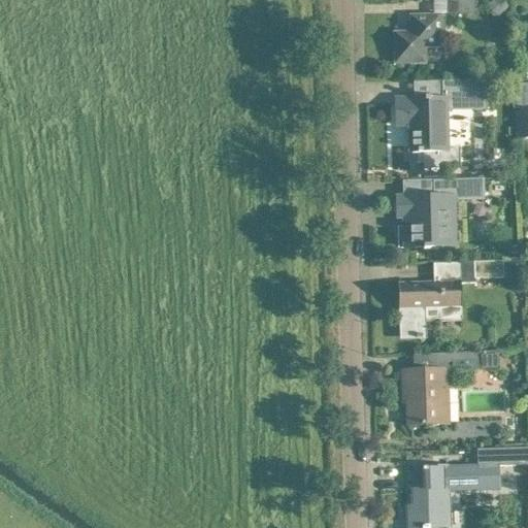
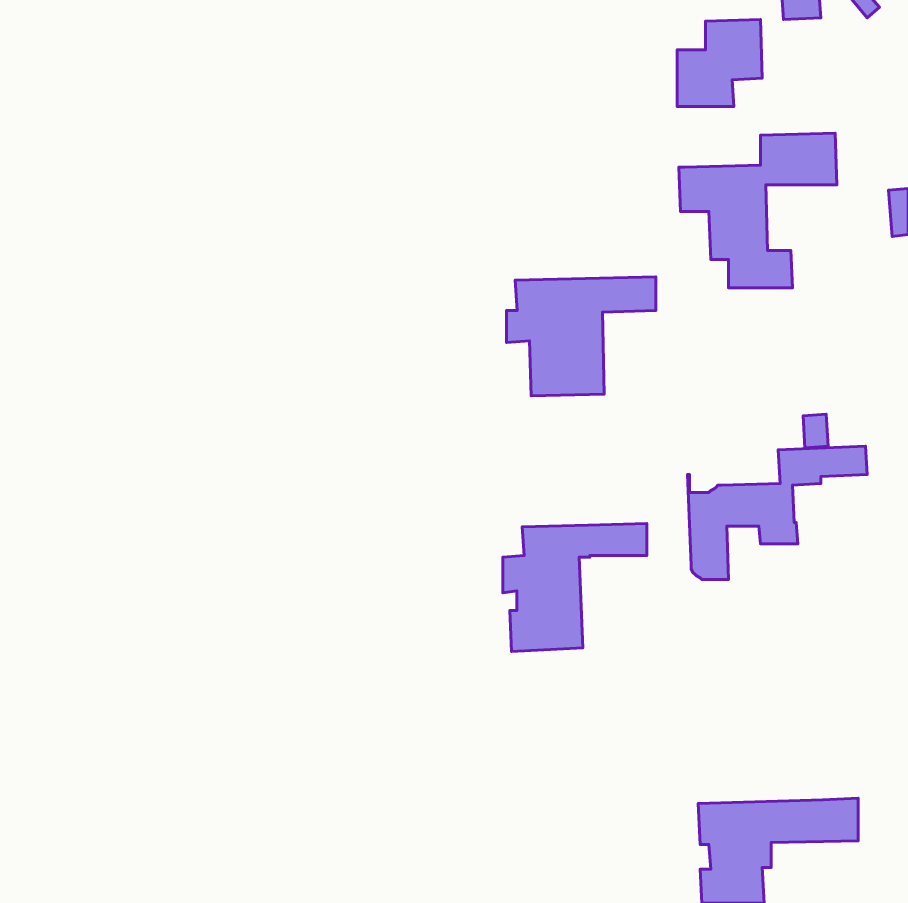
building: [397,176,484,245] -> [506,277,656,396]
building: [402,350,486,424] -> [503,523,647,651]
building: [476,447,517,464] -> none

